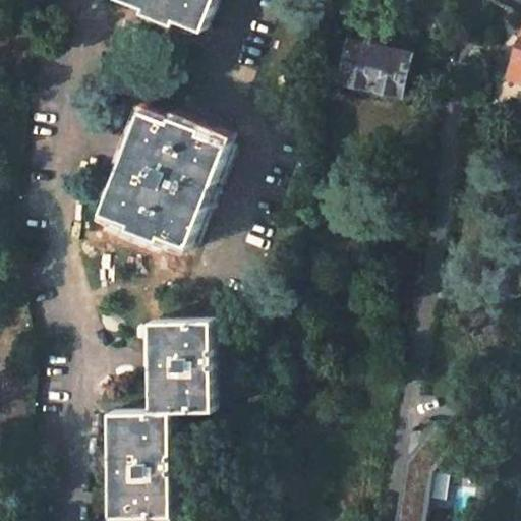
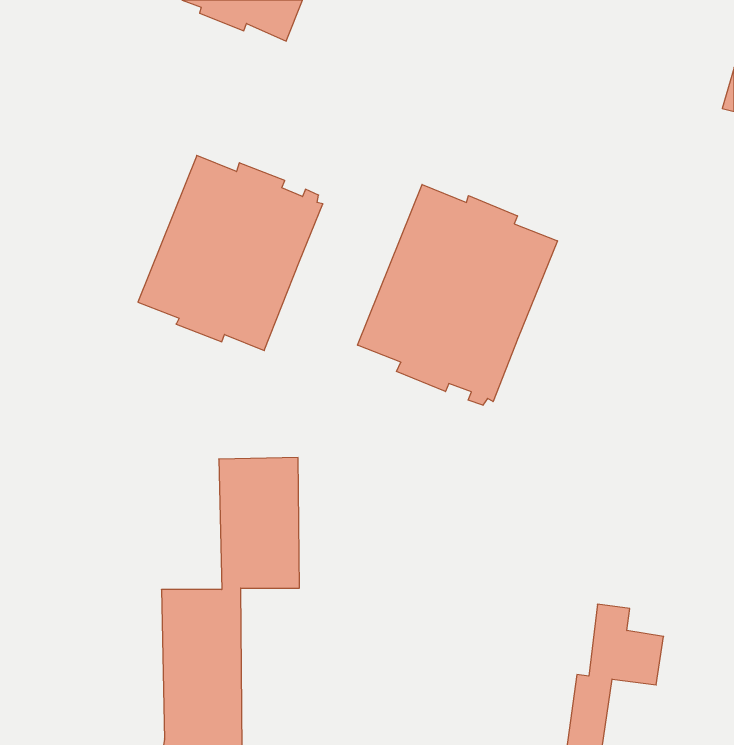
building: [332,41,404,98] -> none
building: none -> [358,184,557,405]

